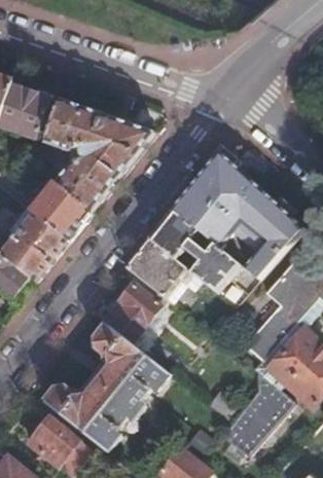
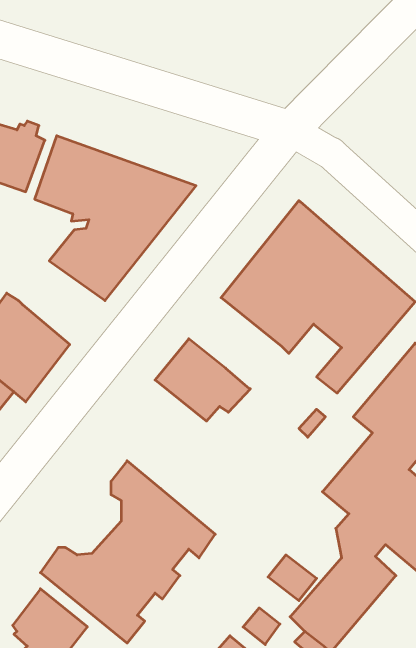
building: [31,181,92,244] -> none
building: [150,211,238,293] -> none
building: [107,285,160,344] -> none

